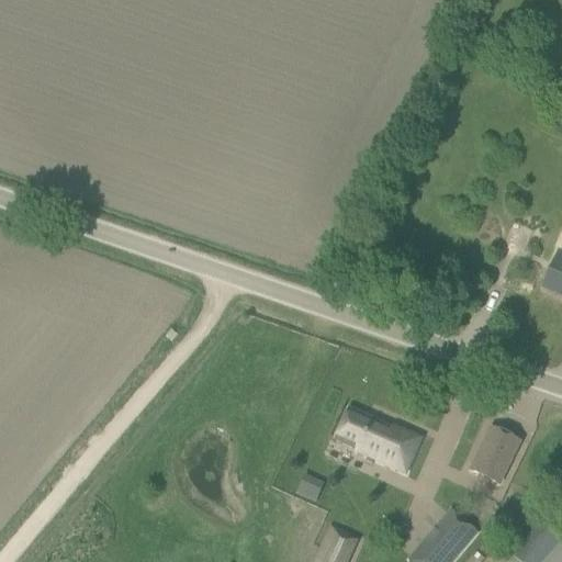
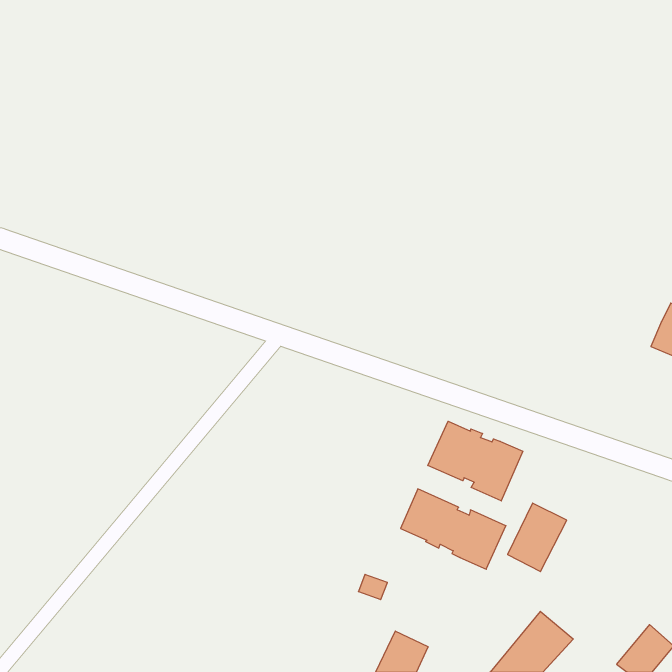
building: none -> [428,421,523,501]
building: [472,427,521,484] -> [508,503,567,572]

